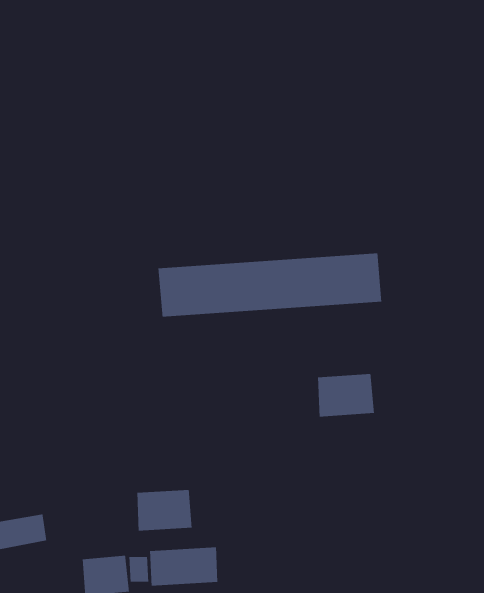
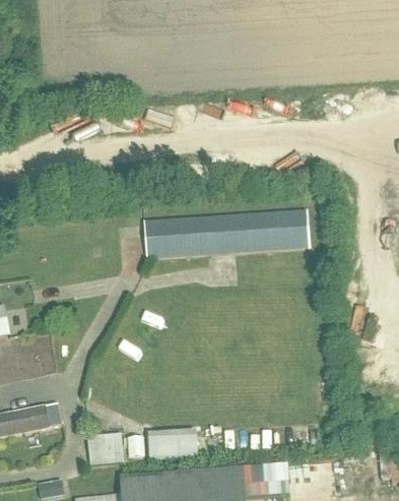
building: [317,373,375,417] -> none
building: [136,489,193,532] -> none

